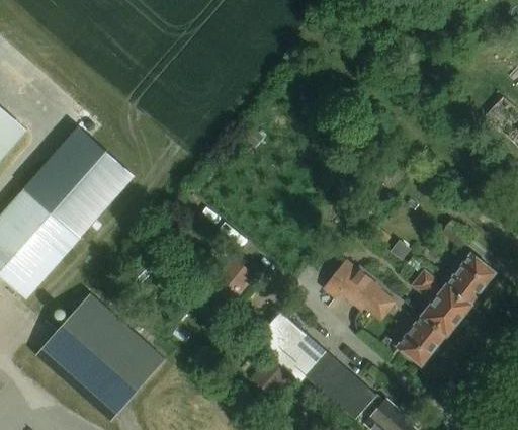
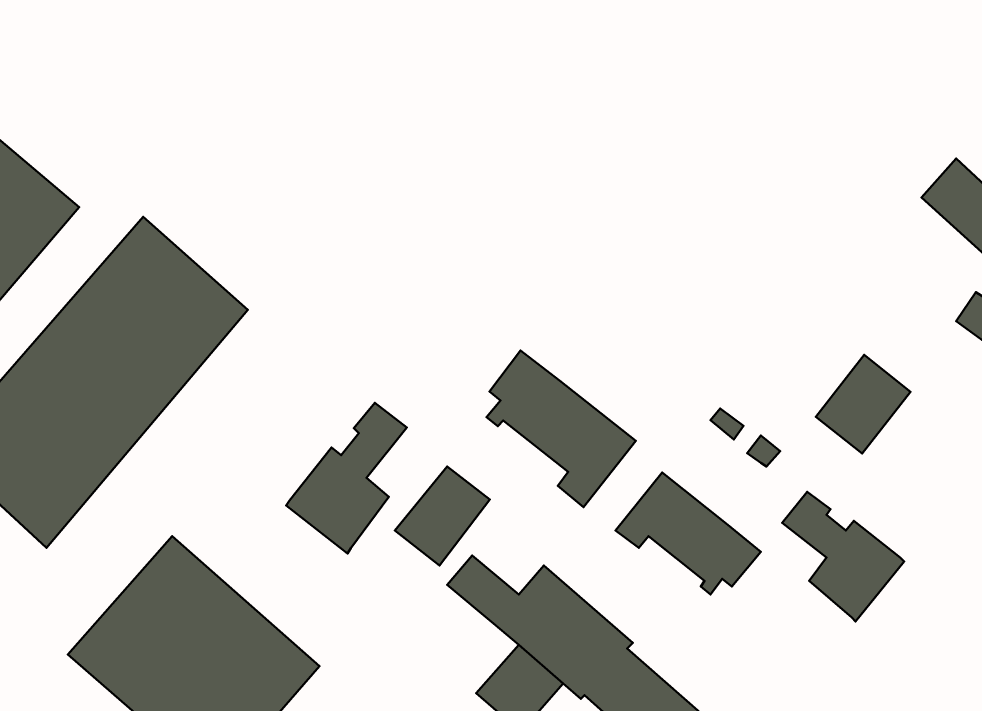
building: none -> [487,351,636,507]
building: none -> [286,403,407,554]
building: [446,253,496,305] -> [816,355,911,454]
building: [398,317,445,367] -> none

